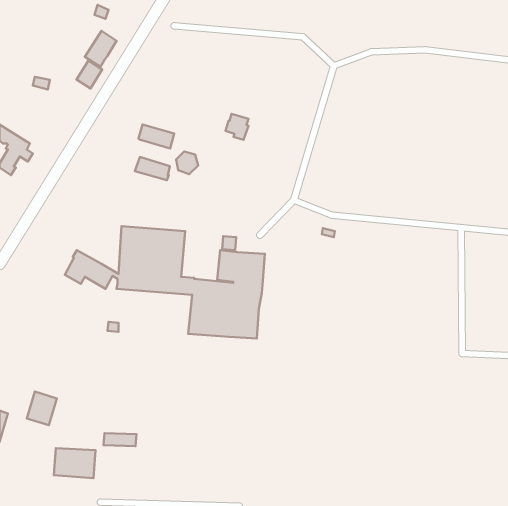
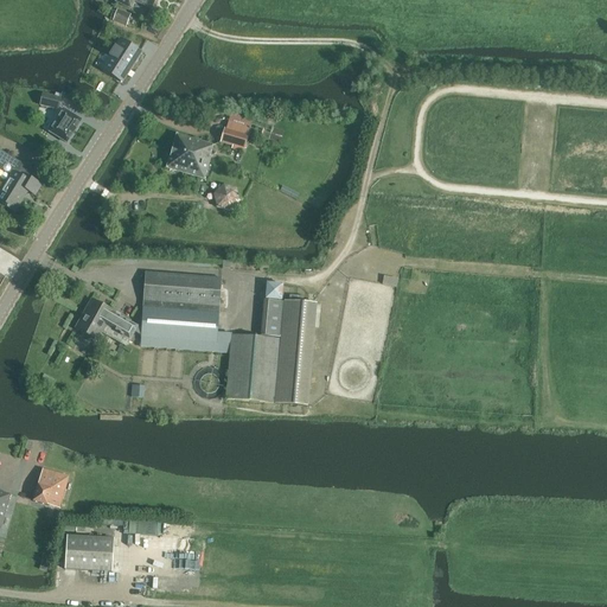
building: [76,61,102,89] -> [49,107,79,140]
building: [225,114,248,140] -> [221,119,248,149]
building: [135,157,170,180] -> [170,132,211,159]

